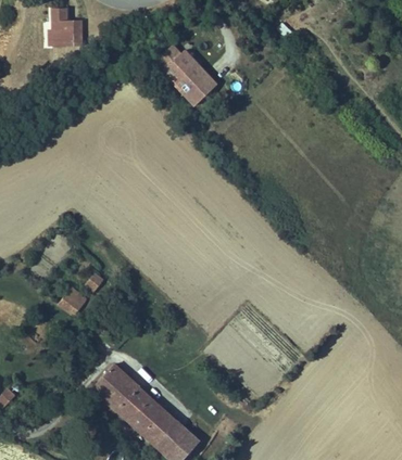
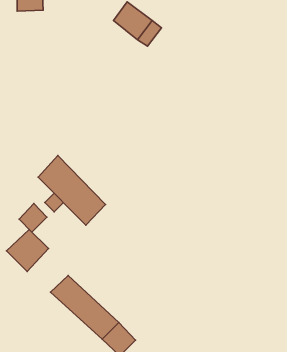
building: none -> [38,156,105,225]
building: none -> [7,229,49,271]

